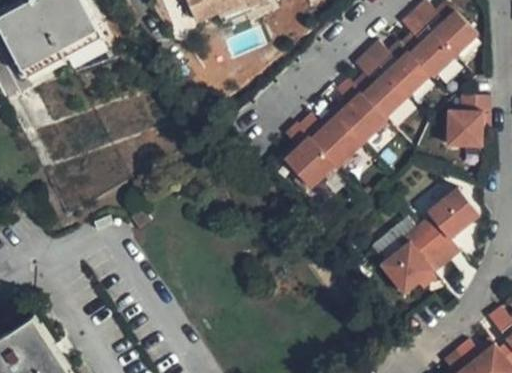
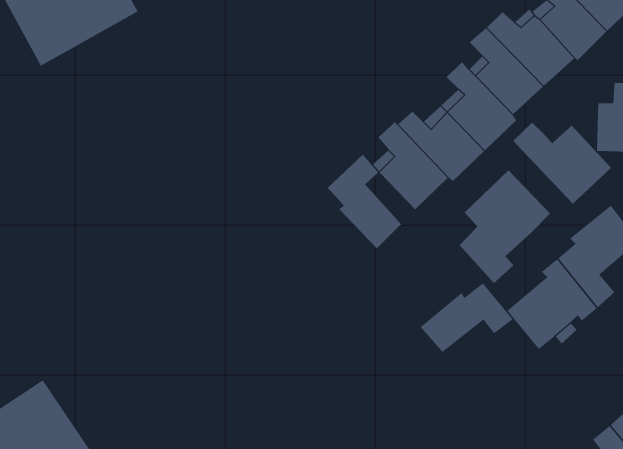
building: none -> [513,122,612,205]
building: none -> [327,154,402,249]
building: none -> [459,169,551,284]
building: none -> [420,282,514,353]

